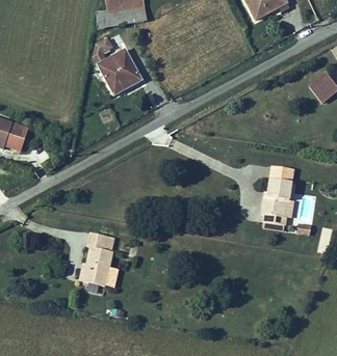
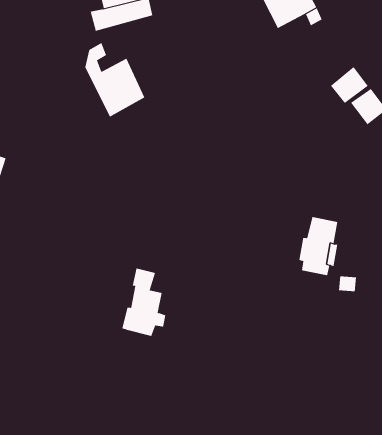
building: none -> [330,66,369,104]
building: [77,229,112,283] -> [121,268,166,336]

